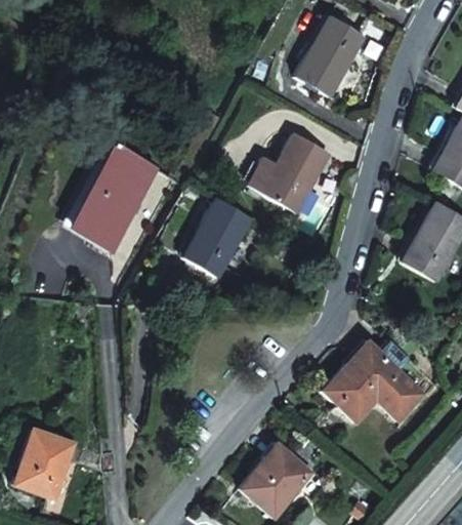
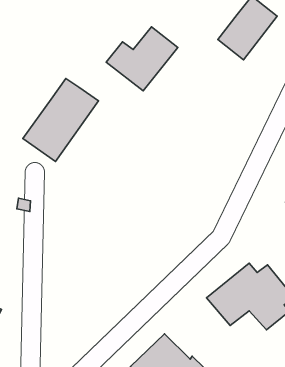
building: [242,132,327,212] -> [106,27,178,91]
building: [178,196,246,274] -> none

